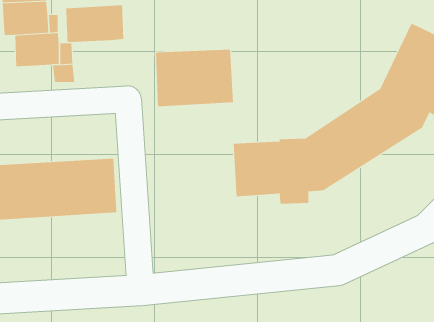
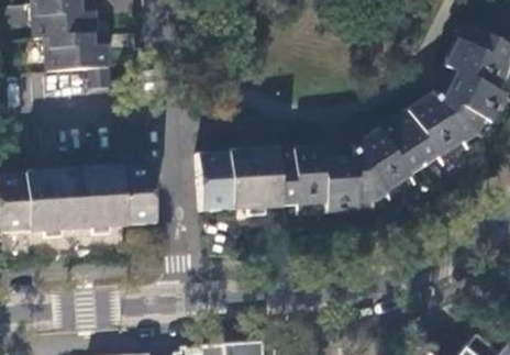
building: [66,5,124,43] -> none
building: [155,49,234,107] -> [198,152,280,212]

